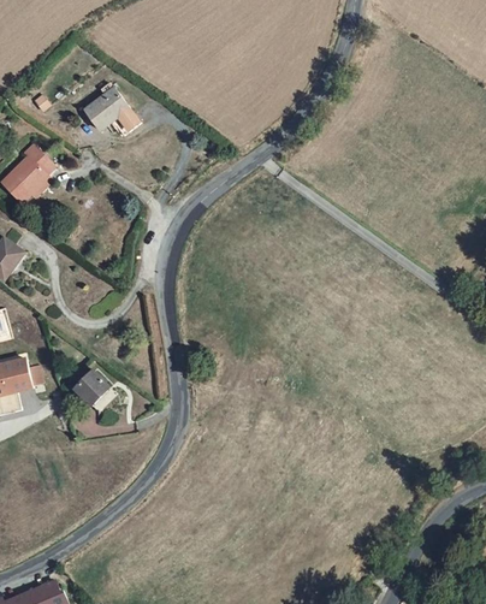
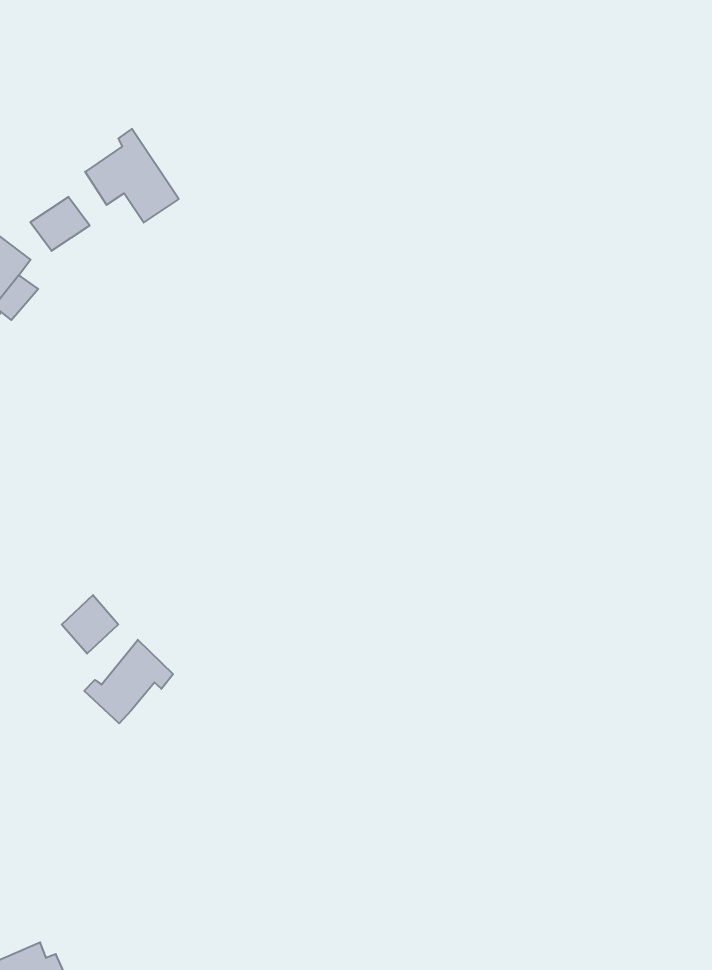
building: none -> [30,197,90,251]
building: none -> [84,640,173,723]

